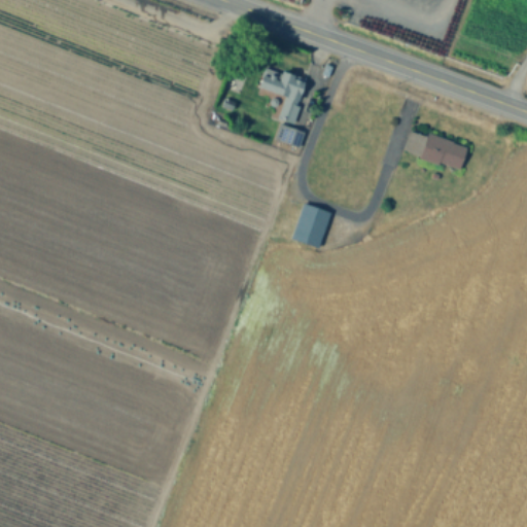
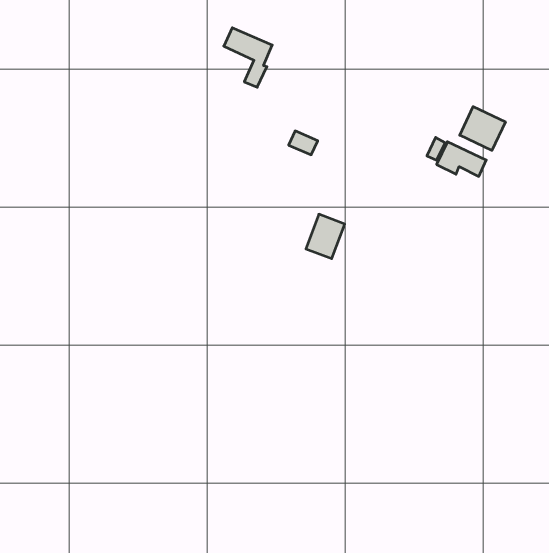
building: [260,66,307,122] -> [224,28,272,87]
building: none -> [460,107,505,150]

